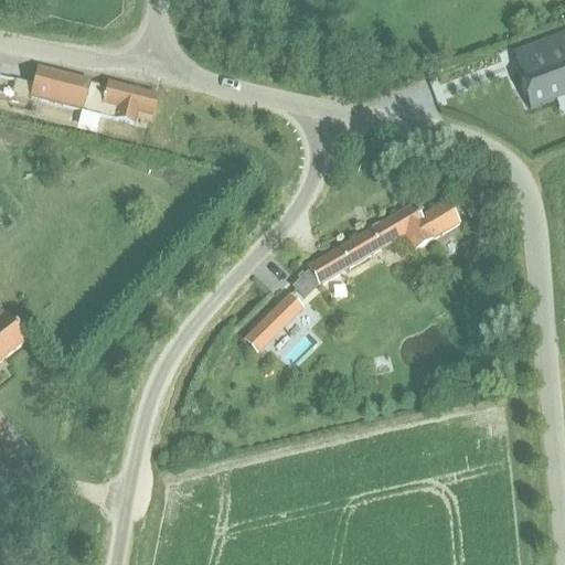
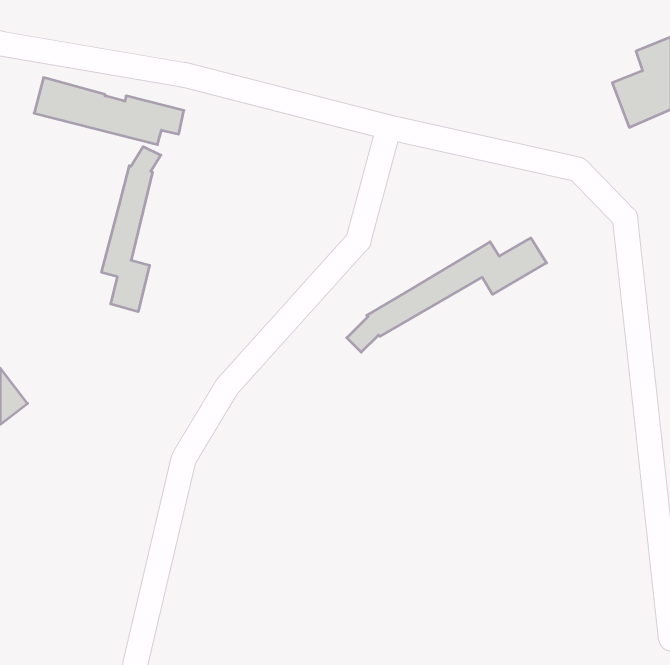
building: none -> [102,147,161,312]
building: [244,291,302,350] -> none

